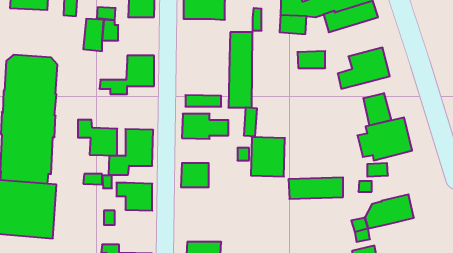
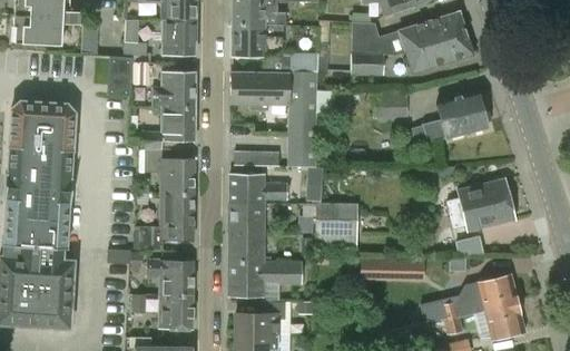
building: none -> [230,71,289,109]
building: none -> [153,72,196,107]
building: [363,93,391,125] -> none
building: [78,120,117,156] -> [145,149,194,194]
building: none -> [229,204,264,235]
building: none -> [228,260,303,296]
building: none -> [159,293,193,328]
building: none -> [236,302,286,333]
building: none -> [485,303,524,339]

